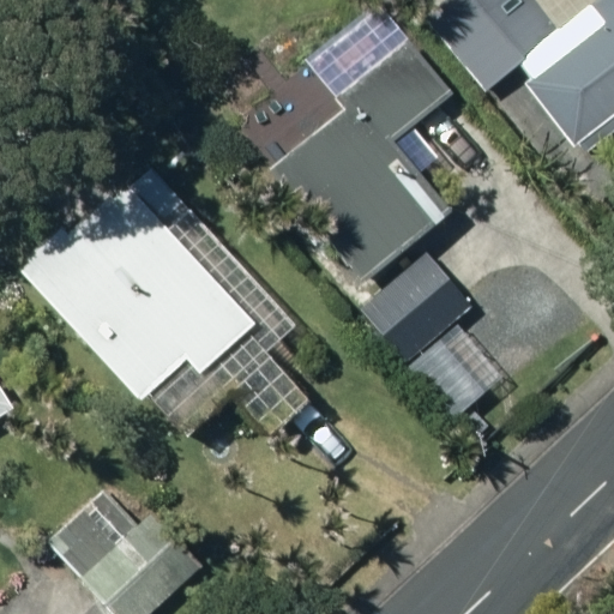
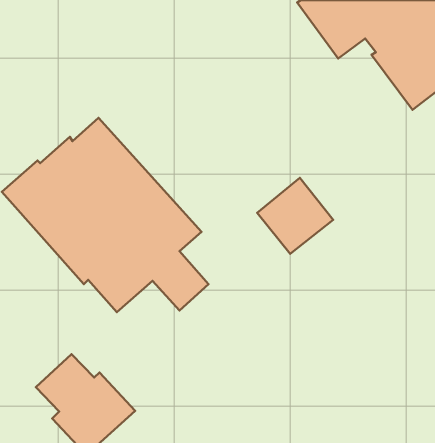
building: [272,38,447,276] -> none

